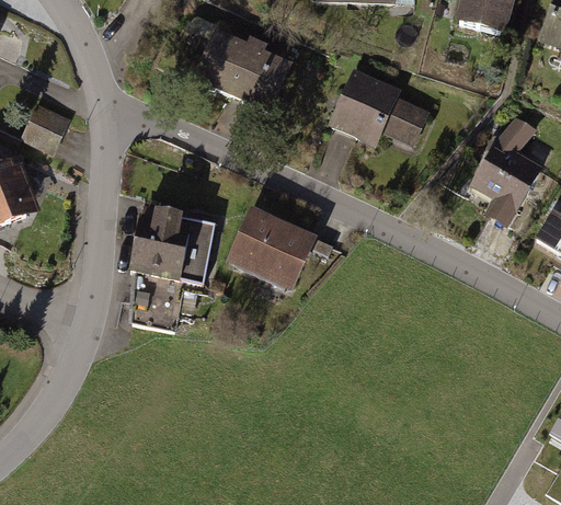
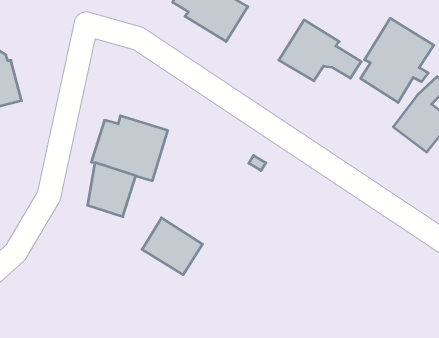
building: none -> [361,18,434,103]
building: [22,104,68,151] -> none
building: [237,218,306,280] -> [142,218,203,275]

